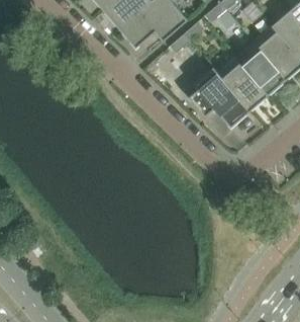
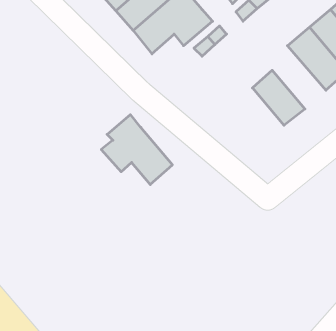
building: [235,42,287,96] -> none
building: [189,67,251,128] -> [101,115,172,185]

